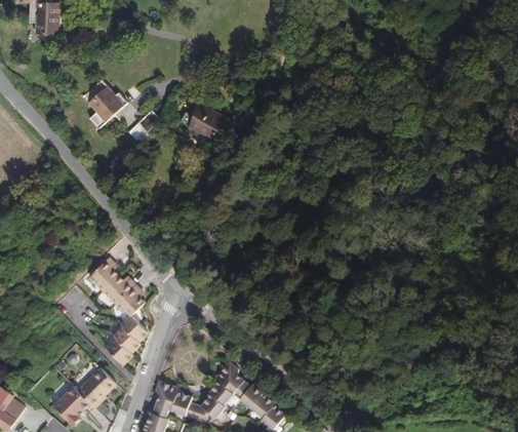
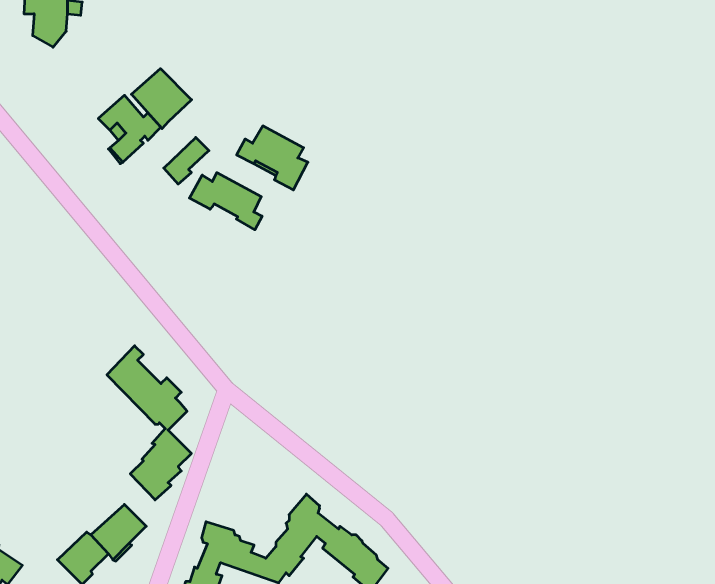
building: none -> [131,69,192,129]
building: none -> [189,173,262,230]

